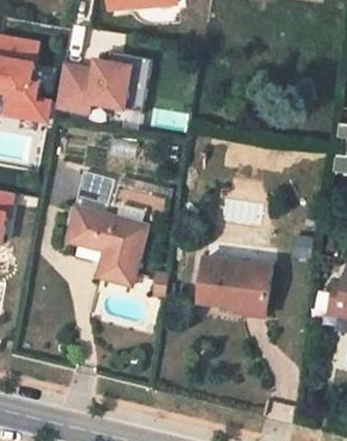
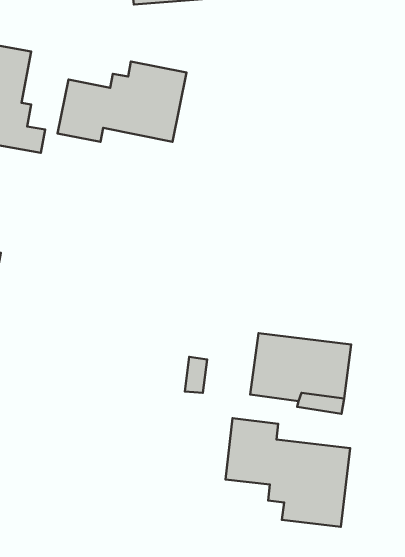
building: [65,174,146,286] -> none
building: none -> [226,418,350,527]

